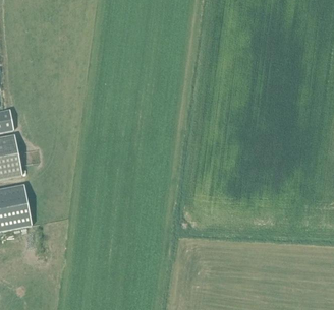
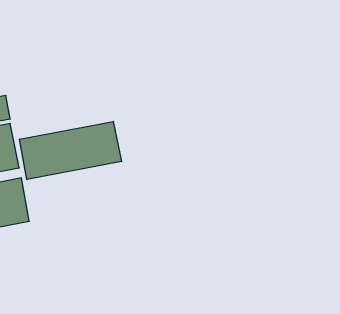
building: none -> [20,121,122,180]

